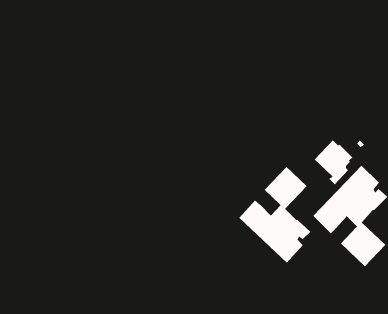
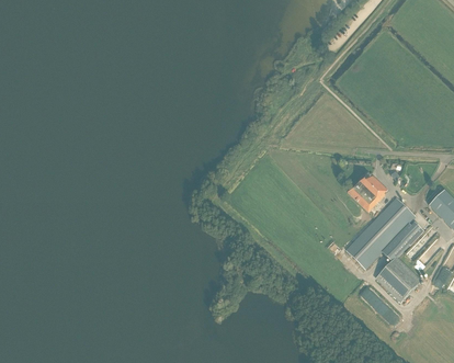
building: [239,166,311,264] -> none

